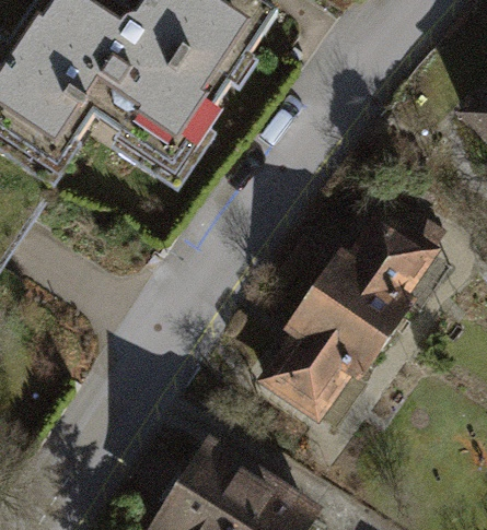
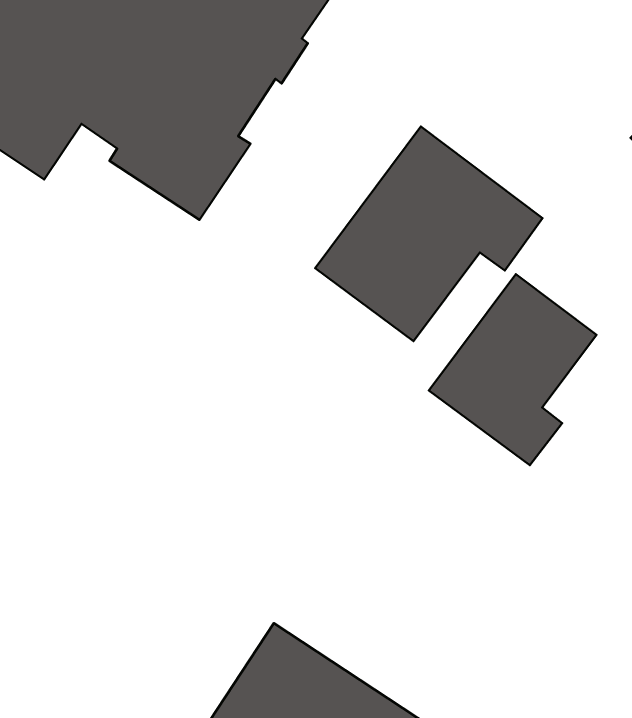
building: none -> [315,126,542,341]
building: [258,288,394,428] -> none

